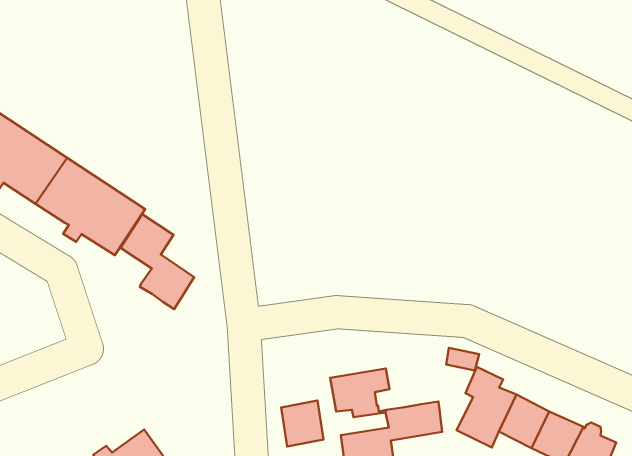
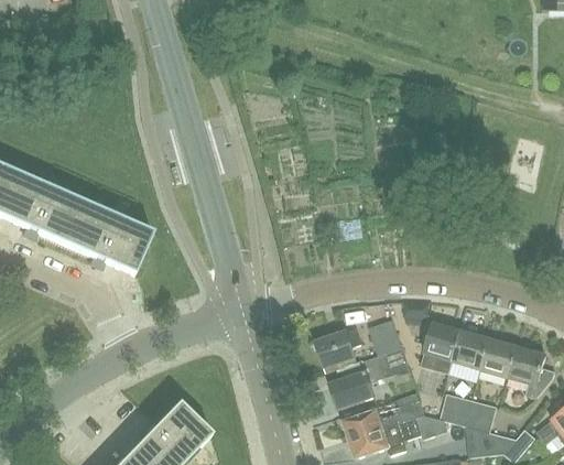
building: [120,214,194,309] -> none
building: none -> [368,320,402,355]
building: [281,401,324,447] -> none

